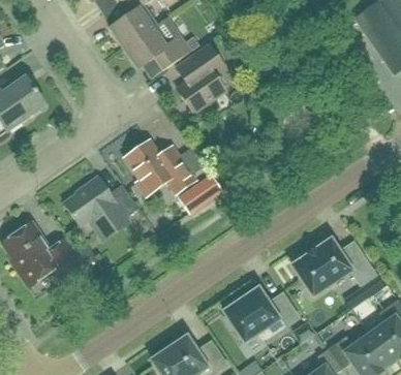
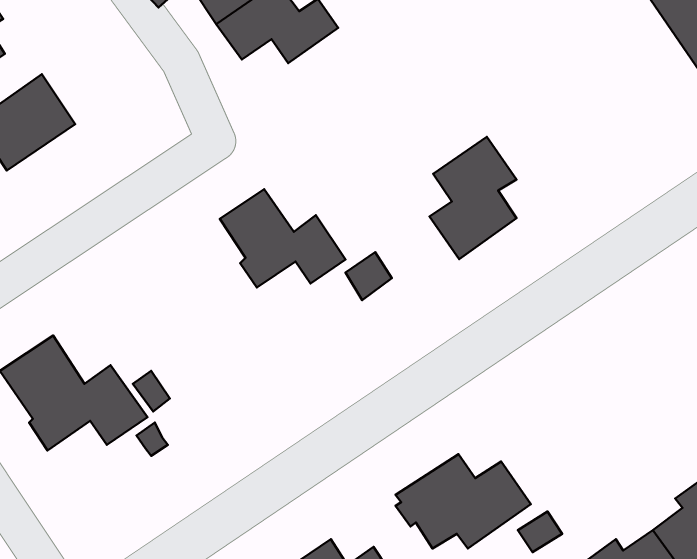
building: [177,44,225,113] -> [430,137,517,259]
building: [63,176,138,242] -> none
building: [292,239,376,295] -> none

